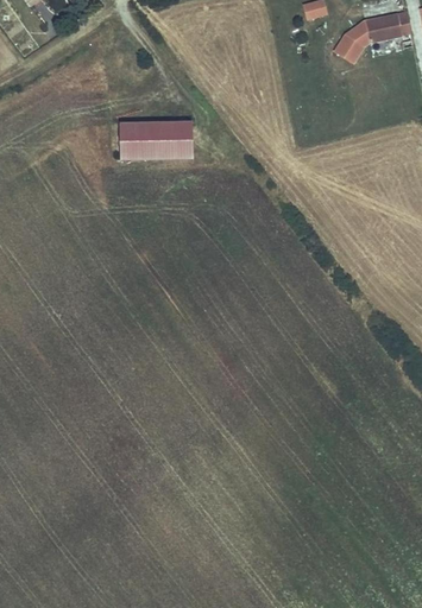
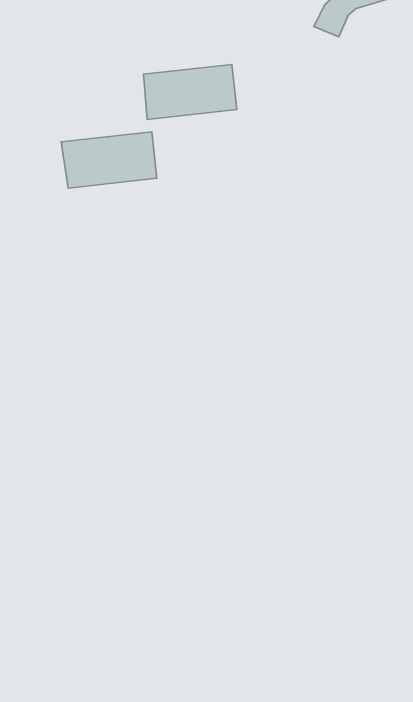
building: none -> [144,64,237,120]

